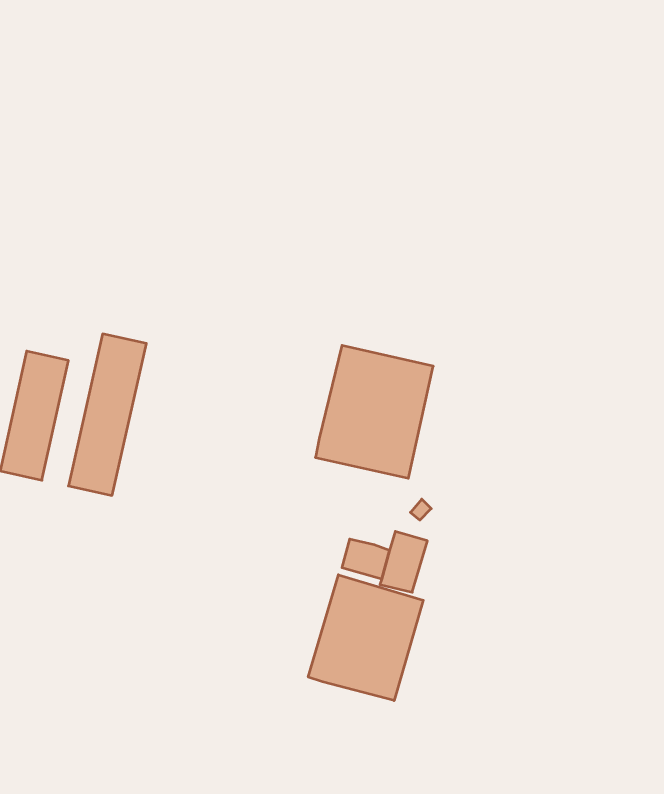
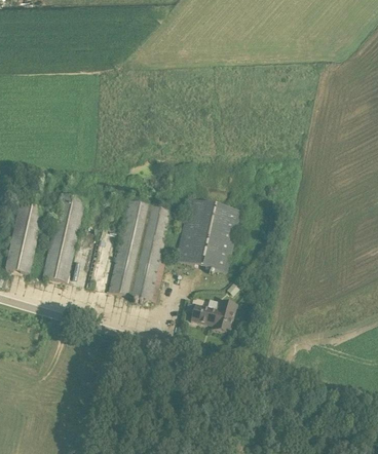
building: none -> [107,199,169,300]
building: [308,575,423,701] -> none

